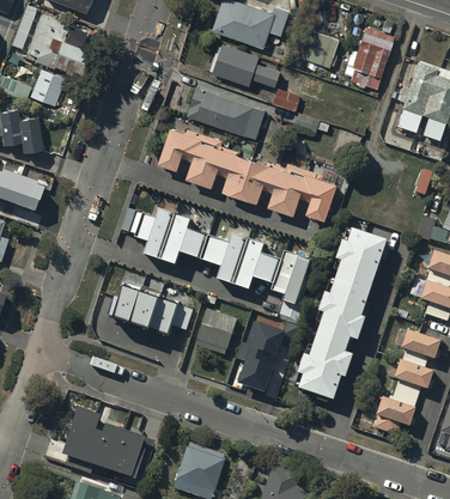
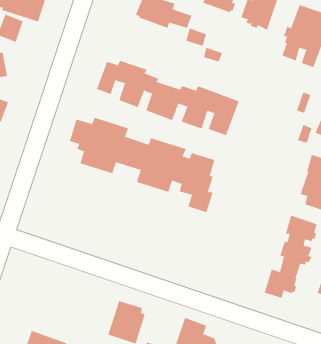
building: [187,89,266,141] -> none
building: [297,219,389,391] -> none
building: [107,285,193,335] -> none
building: [194,305,237,352] -> none
building: [237,320,285,390] -> none
building: [57,398,152,474] -> none

